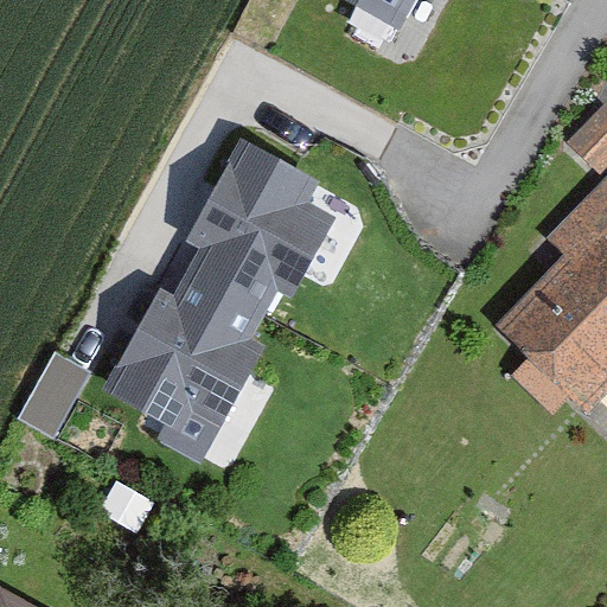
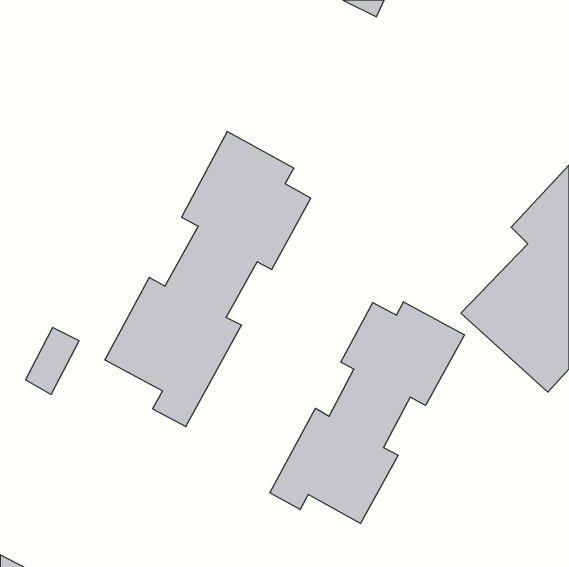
building: none -> [270,302,465,523]

